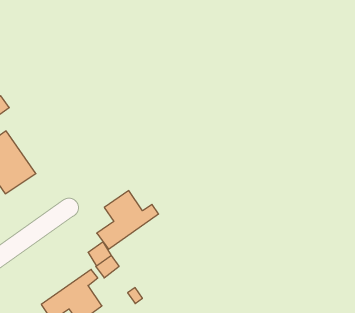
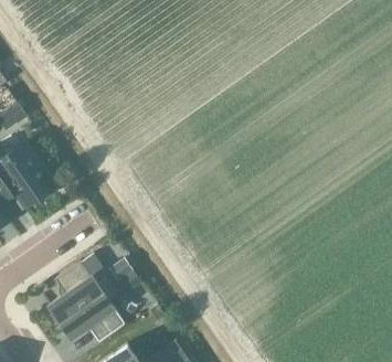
building: [97,191,159,249] -> [47,263,112,323]

